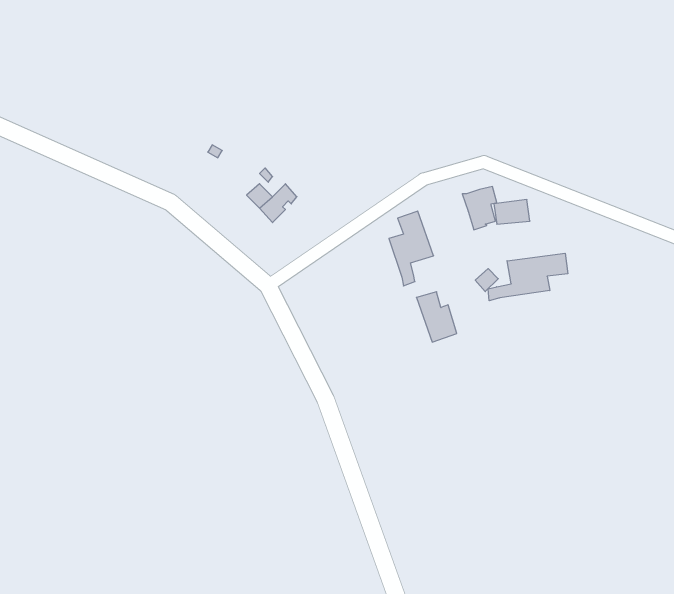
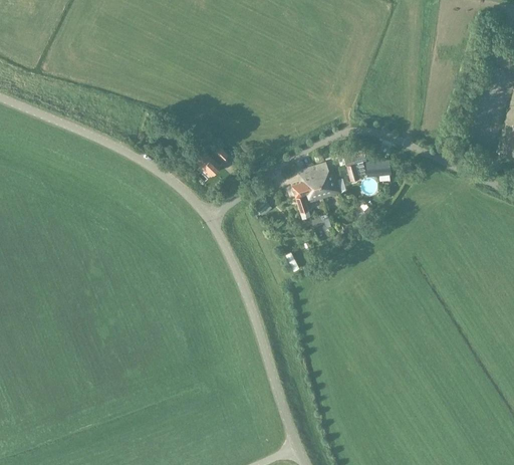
building: [488,253,568,301] -> none
building: [416,292,457,342] -> [316,163,344,198]

